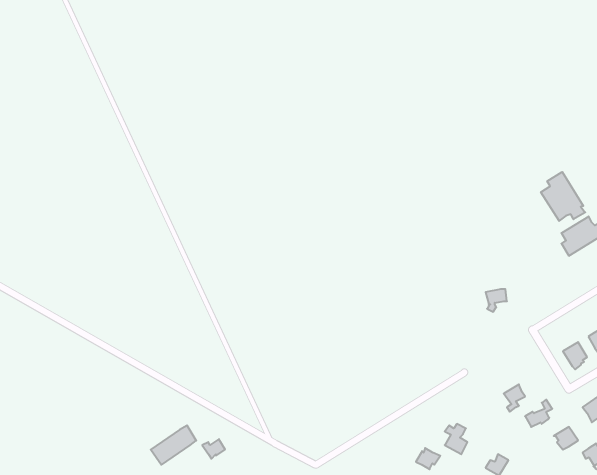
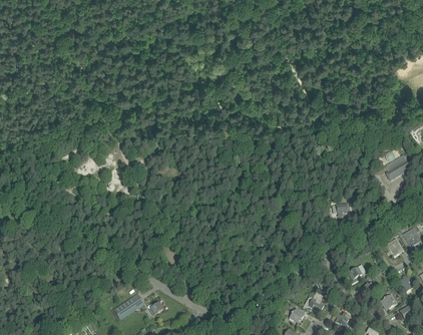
building: [541,172,585,221] -> none

